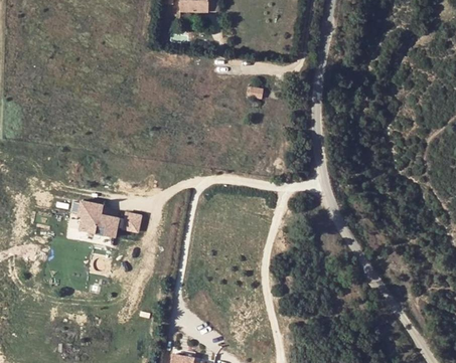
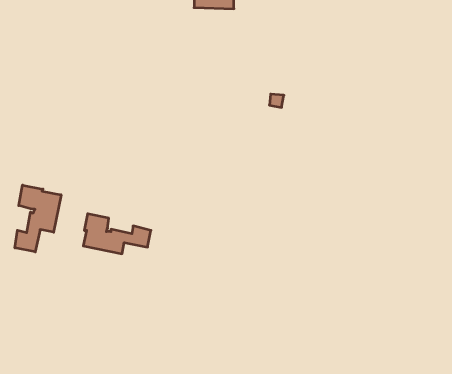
building: none -> [15,185,61,252]

